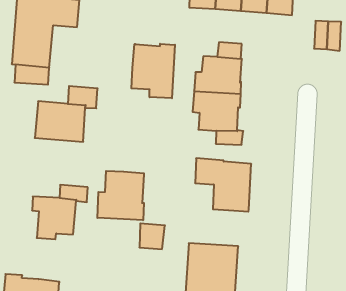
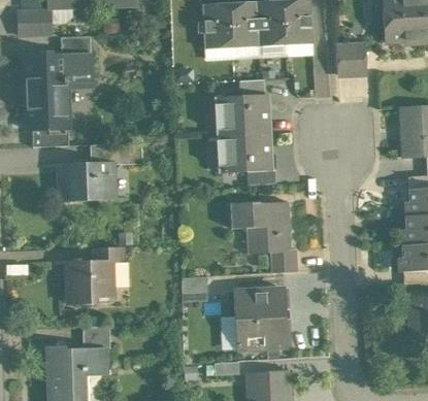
building: [131,44,175,98] -> none
building: [97,171,144,220] -> none
building: none -> [270,249,297,273]
building: none -> [83,326,109,348]

